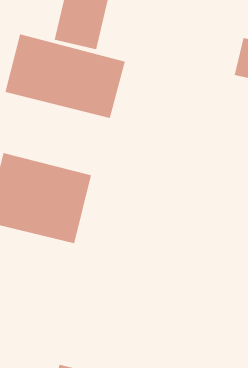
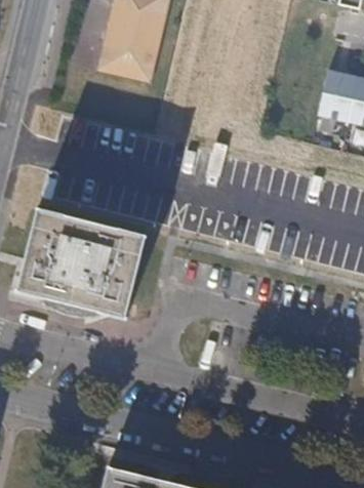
building: [5,34,126,119] -> none

